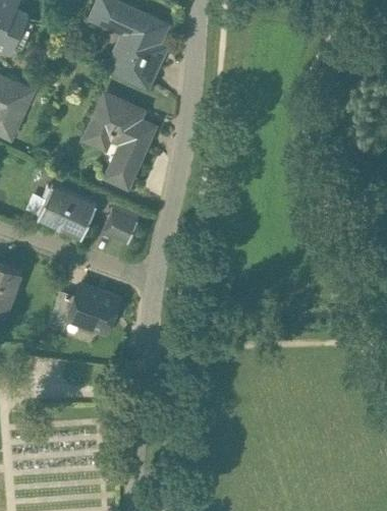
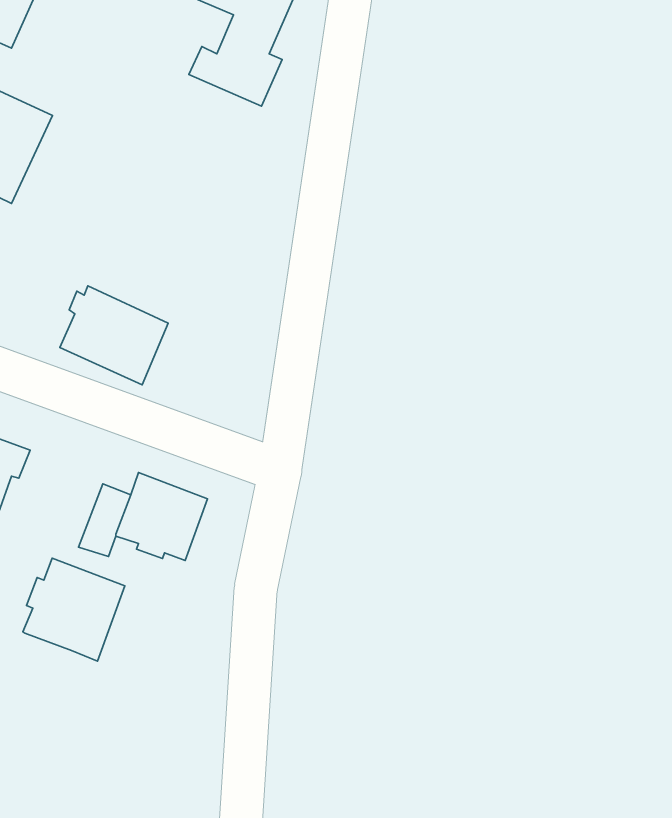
building: [87,95,155,186] -> none
building: [103,211,139,245] -> none
building: none -> [23,558,125,661]

